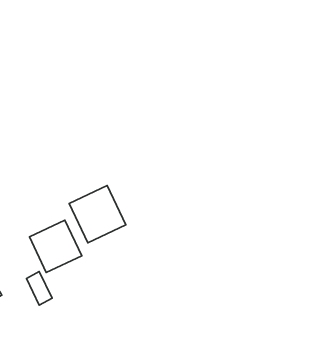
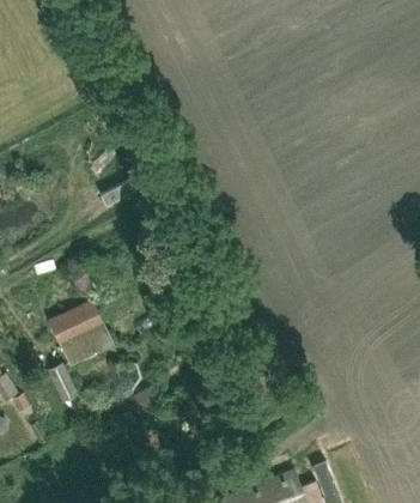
building: [69,185,126,243] -> none

